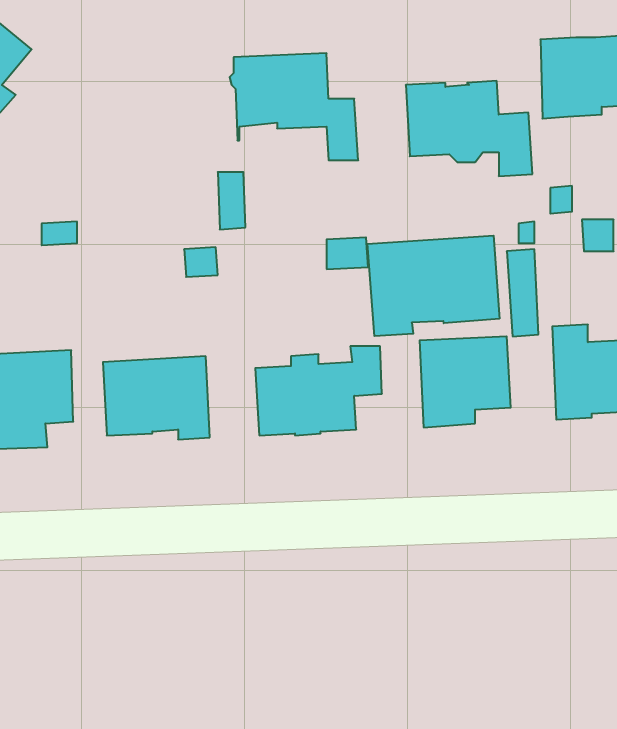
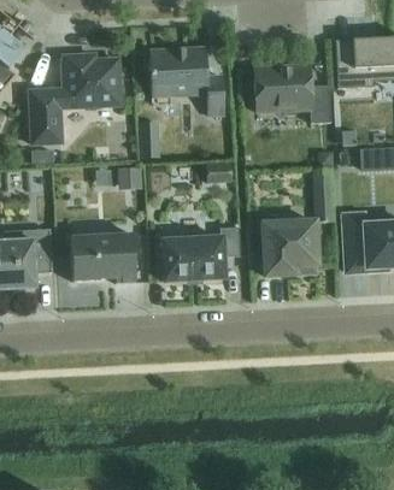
building: none -> [30,54,120,143]
building: [367,236,499,336] -> none

